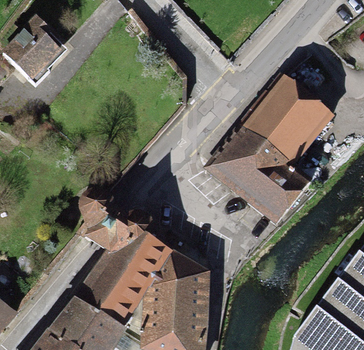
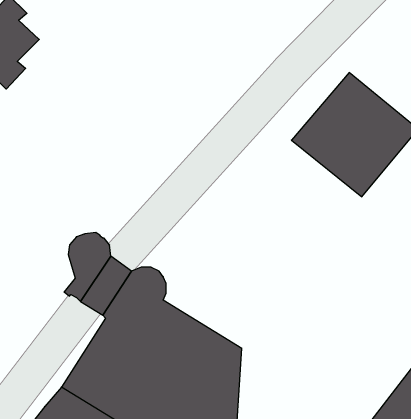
building: [206,123,312,224] -> none

